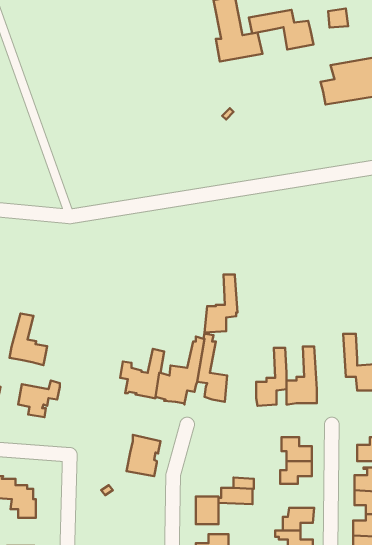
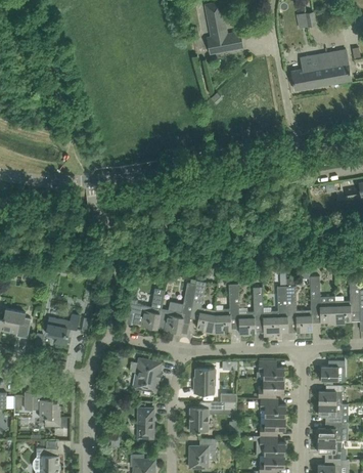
building: [249,10,314,50] -> none
building: [205,275,237,333] -> [213,285,239,332]
building: [9,313,47,365] -> none
building: none -> [285,286,312,332]
building: none -> [193,370,215,393]
building: none -> [260,398,285,418]
building: none -> [137,407,153,439]

